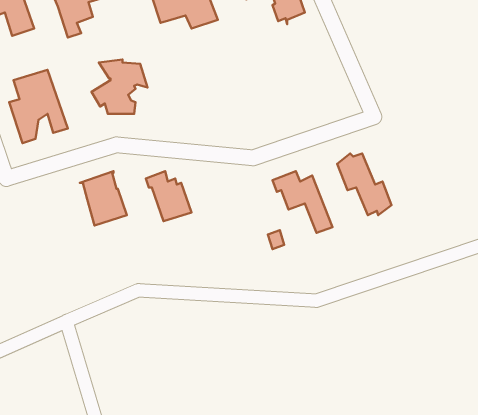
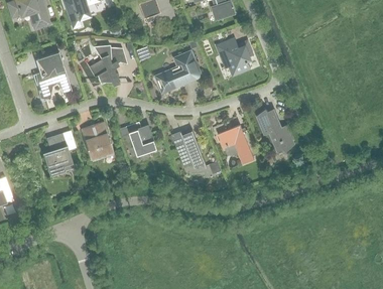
building: none -> [217,39,253,75]
building: none -> [155,51,201,92]
building: none -> [173,130,207,167]
building: none -> [43,133,73,174]

